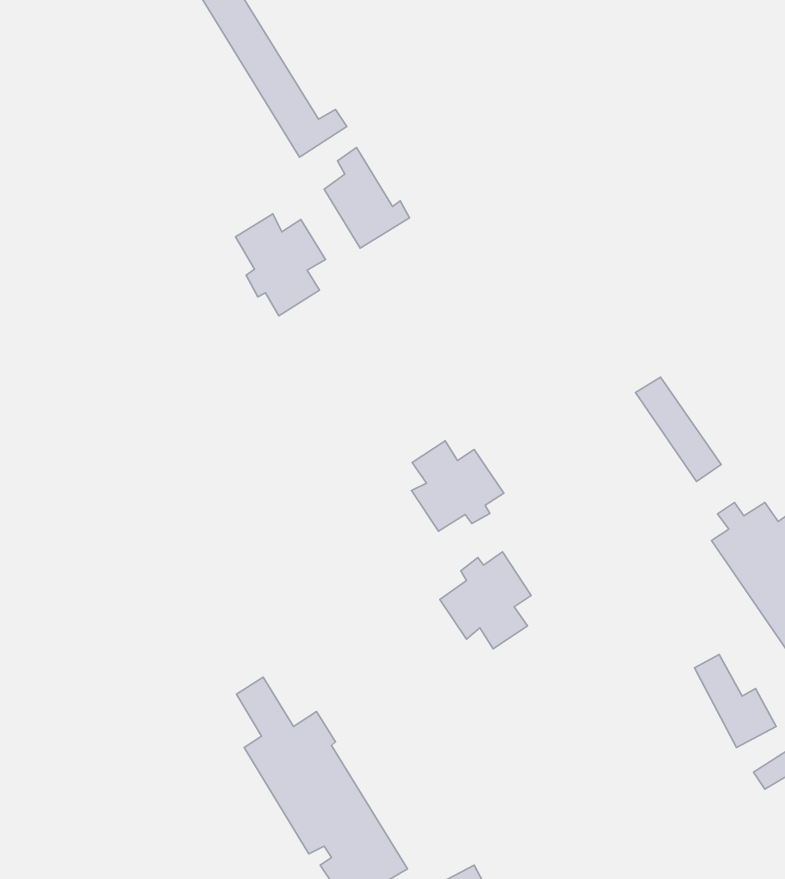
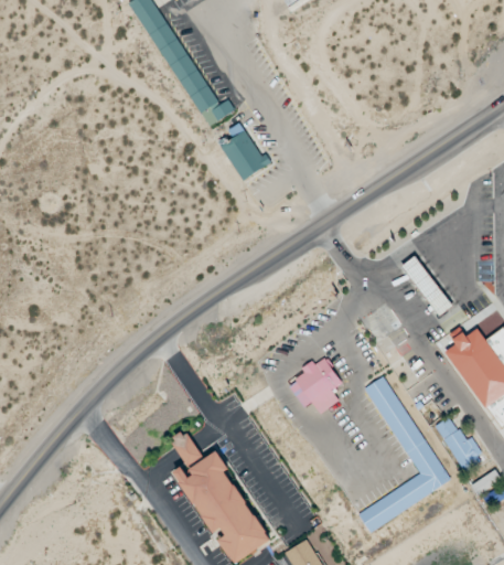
building: [236,214,325,316] -> none
building: [412,441,504,531] -> none
building: none -> [357,374,449,531]

